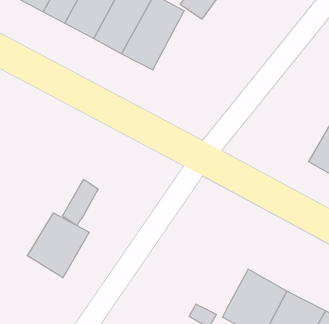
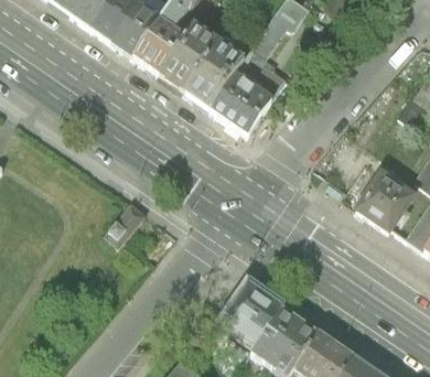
building: none -> [211,50,286,130]
building: [27,213,89,278] -> none
building: none -> [228,284,282,342]

